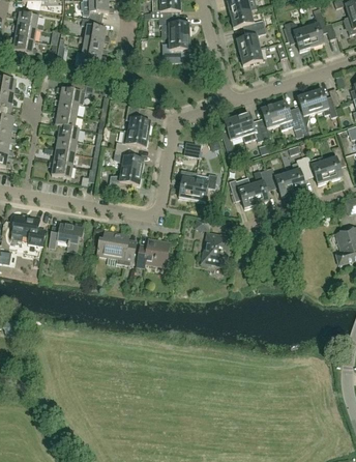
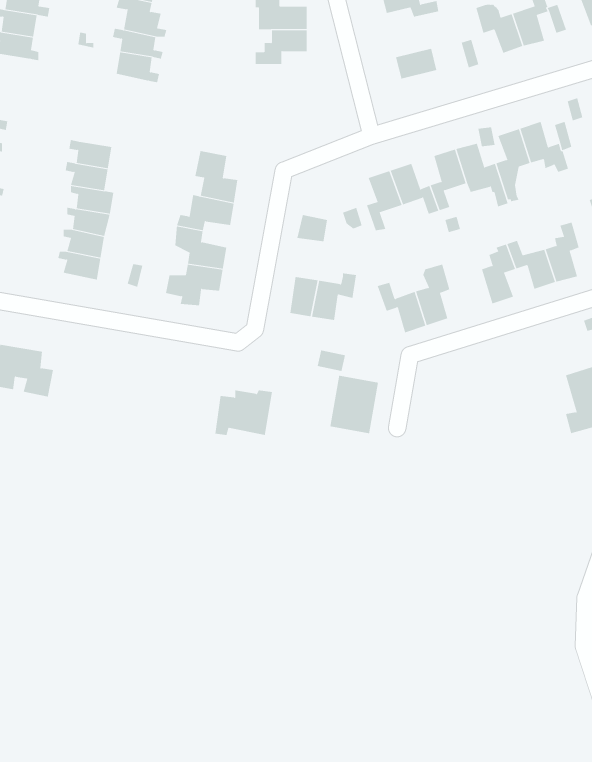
building: [236,26,266,52] -> none
building: [56,82,89,104] -> none
building: [266,167,294,196] -> none
building: [49,223,84,251] -> none
building: [96,230,137,265] -> none

